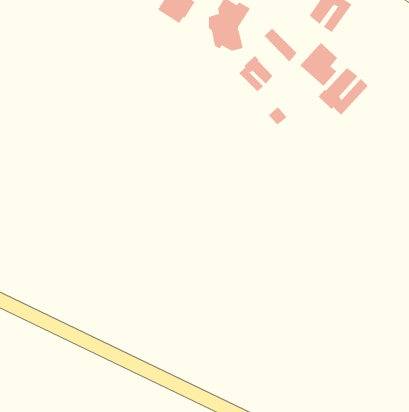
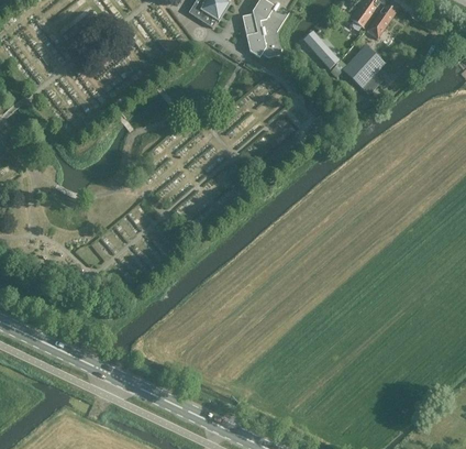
building: [239,55,273,92] -> none
building: [318,67,369,116] -> none

